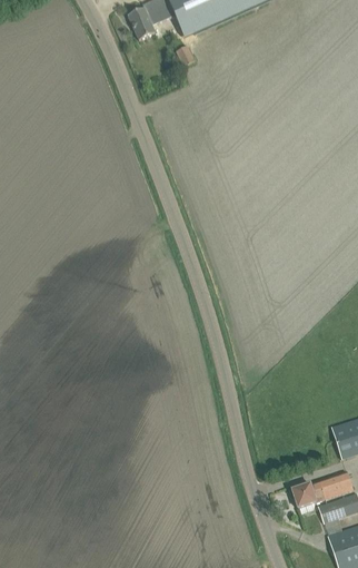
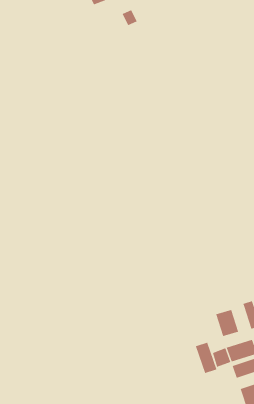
building: none -> [215,309,239,337]
building: none -> [195,342,217,374]

